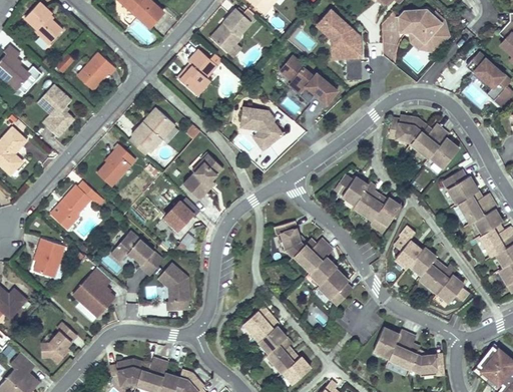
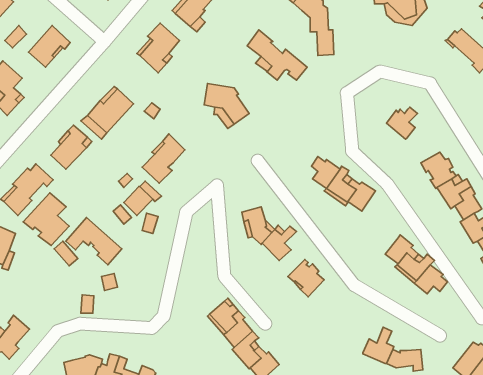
building: [389,117,427,142] -> none
building: [430,133,459,165] -> none
building: [395,237,422,267] -> none
building: [310,244,337,284] -> none
building: [158,263,189,310] -> none
building: [72,267,115,316] -> [23,193,69,245]
building: [375,327,408,357] -> none

